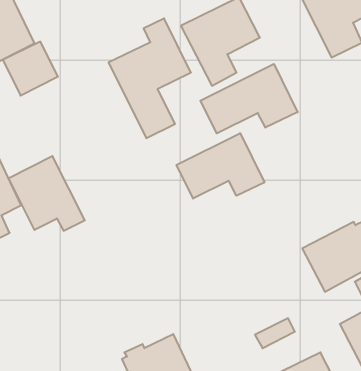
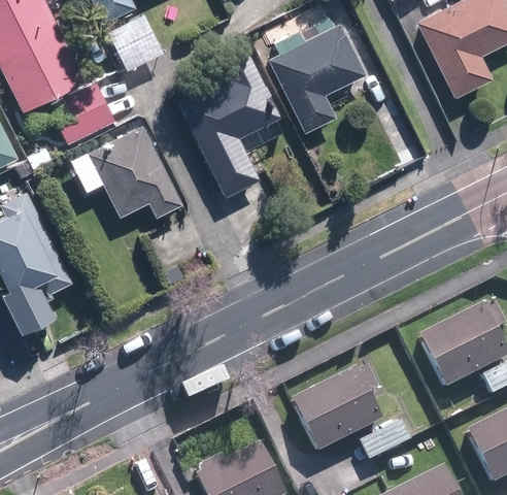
building: [200,64,298,133] -> none
building: [176,133,264,199] -> none
building: [8,156,85,231] -> [88,125,182,218]
building: none -> [290,366,381,453]

